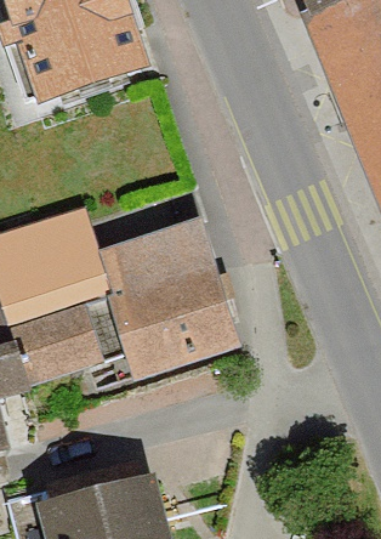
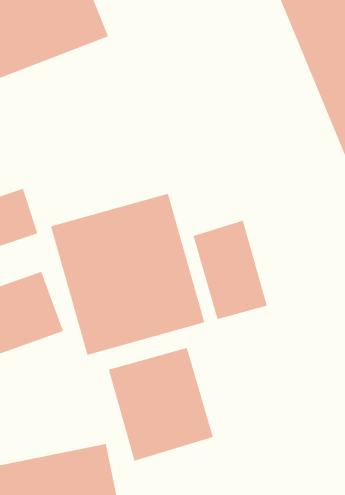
building: none -> [193,220,267,320]
building: none -> [108,347,214,461]

